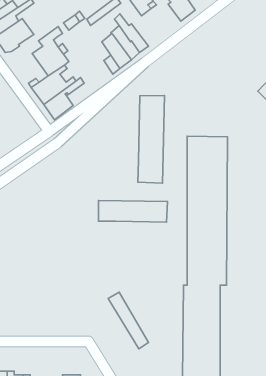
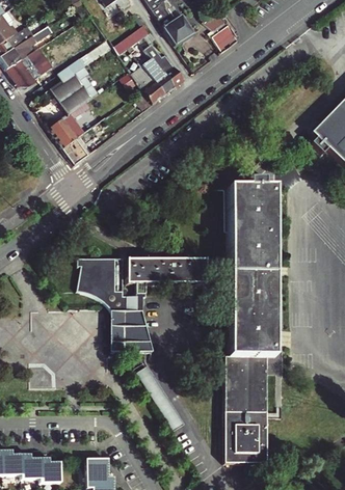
building: [138,96,165,183] -> none
building: none -> [78,256,153,350]

